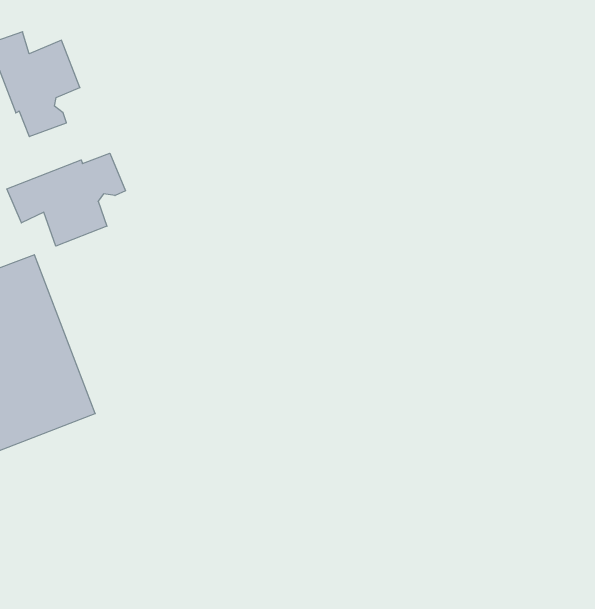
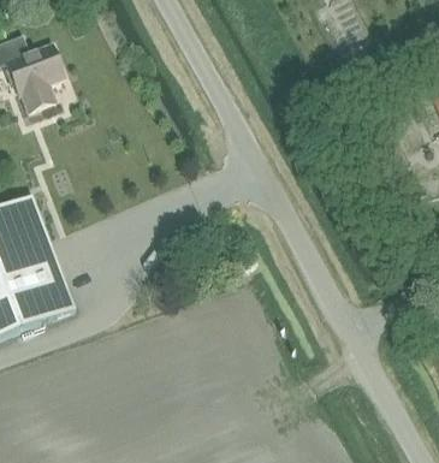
building: [7,153,126,246] -> none

